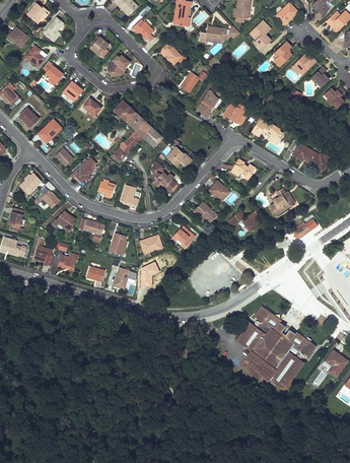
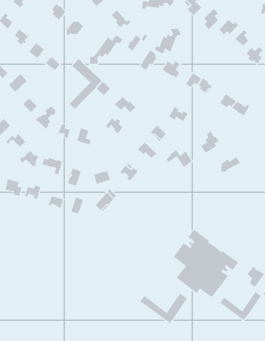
building: none -> [154,28,181,54]
building: none -> [89,35,123,64]
building: none -> [219,291,262,321]
building: none -> [139,293,188,324]

